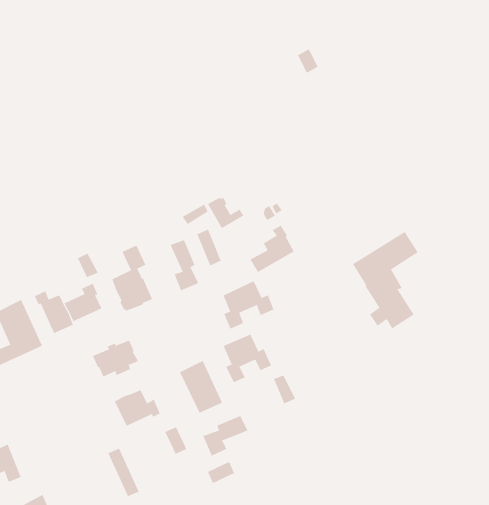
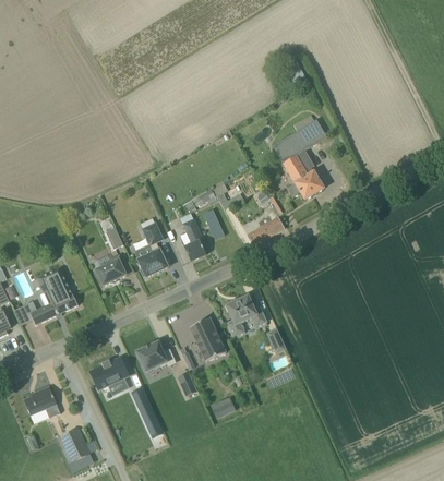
building: [352,231,418,329] -> [272,118,326,199]
building: [223,280,274,330] -> none
building: [34,290,74,334] -> none
building: [92,340,139,377] -> [88,358,127,388]
building: [202,415,248,457] -> none

